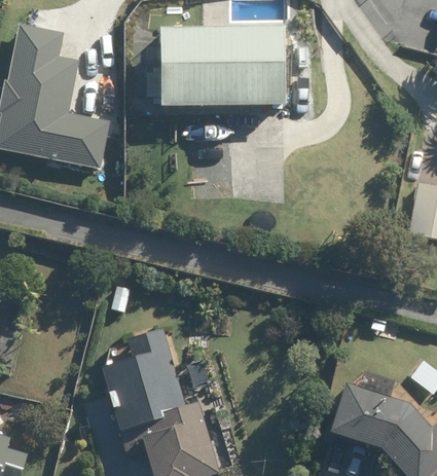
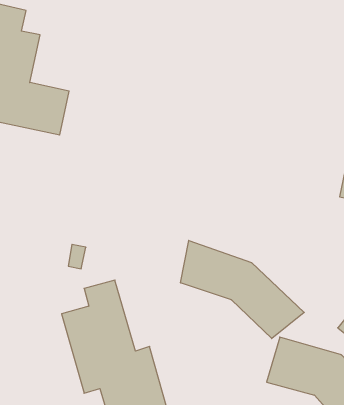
building: [159,30,284,109] -> none
building: none -> [181,240,304,339]

